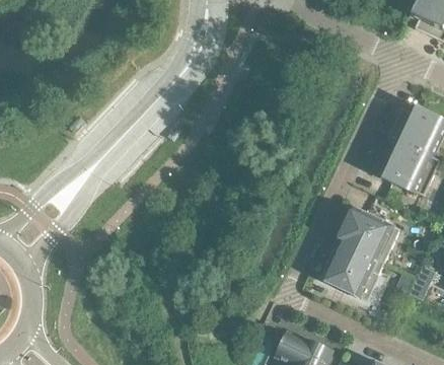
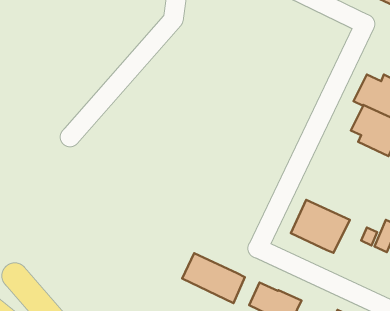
building: [335,206,397,264] -> none
building: none -> [182,253,245,303]

